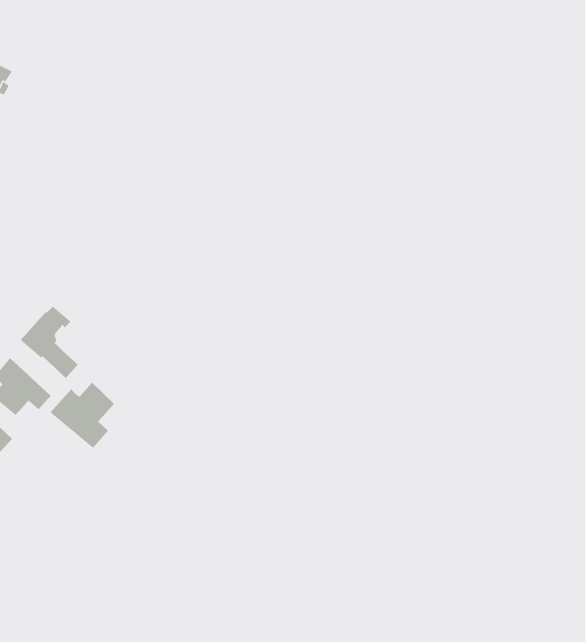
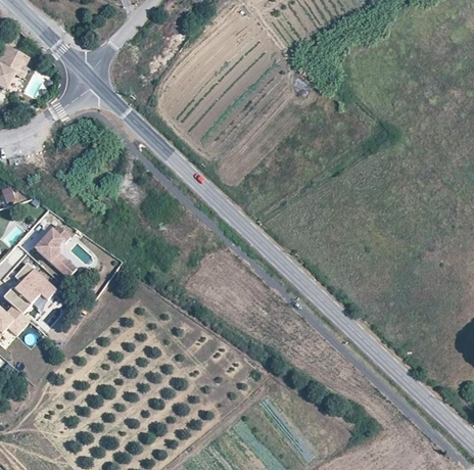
building: [49,382,115,449] -> none

